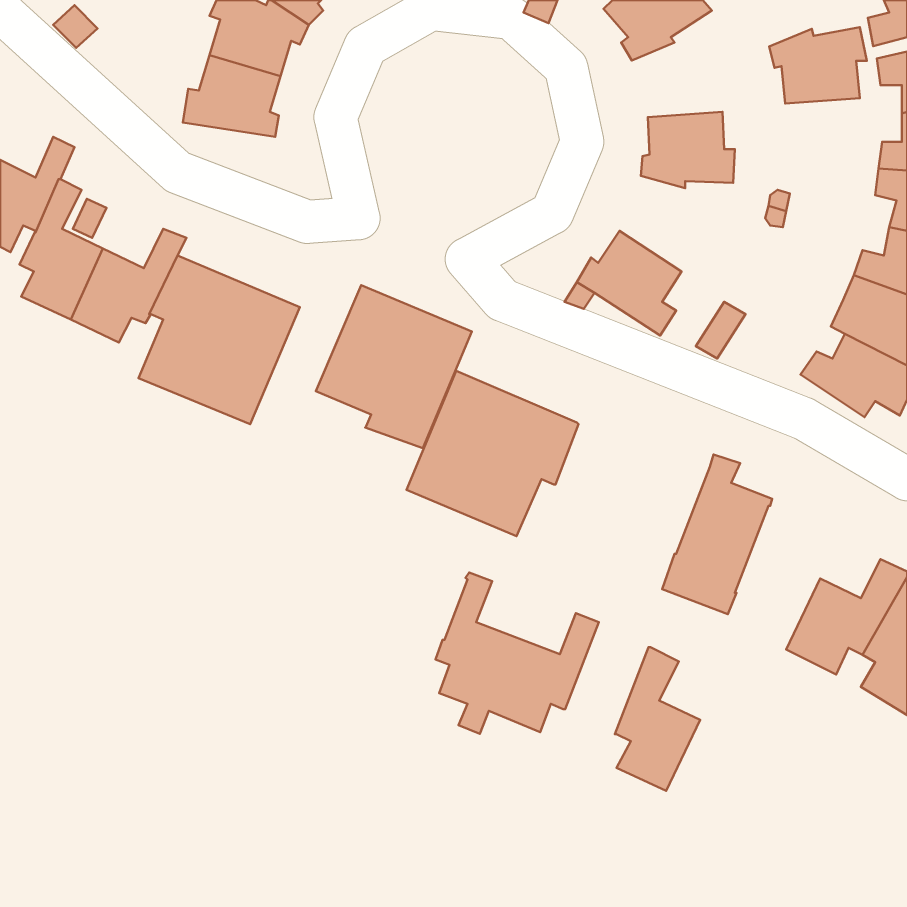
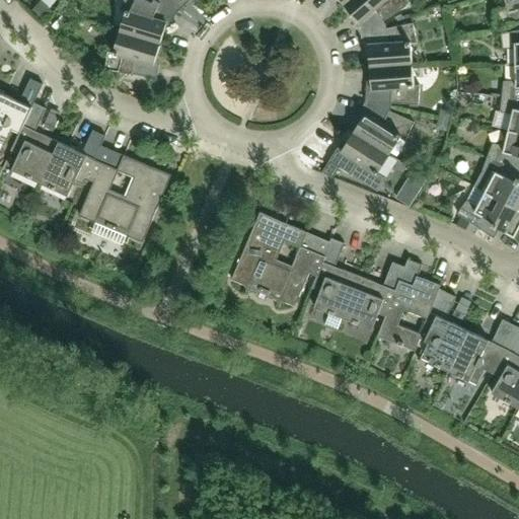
building: [769,27,867,103] -> [361,23,417,67]
building: none -> [354,100,415,155]
building: [316,285,472,448] -> none
building: [435,572,599,734] -> [312,238,405,330]
building: [615,647,700,791] -> [420,289,468,371]

